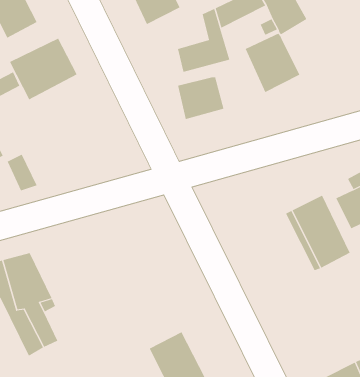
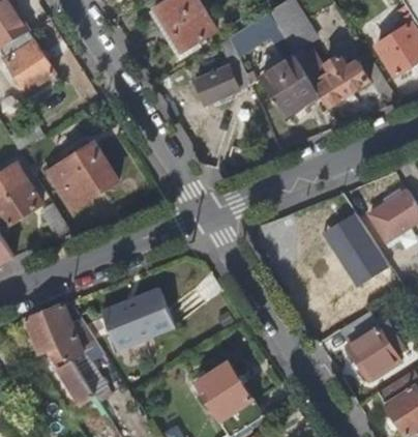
building: none -> [299,51,369,106]
building: [9,38,77,100] -> [47,142,116,207]
building: [177,76,224,120] -> none
building: none -> [103,288,176,349]
building: none -> [338,311,404,380]

